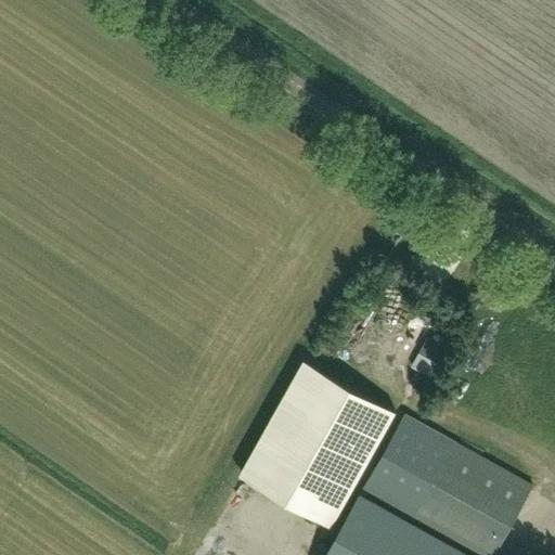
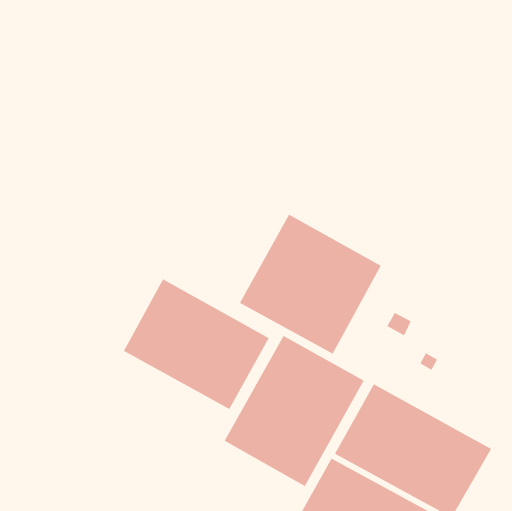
building: none -> [239,214,382,354]
building: none -> [123,278,270,410]

